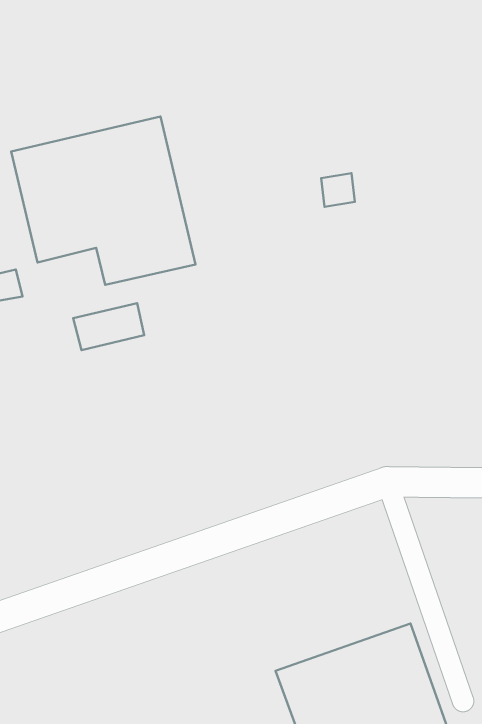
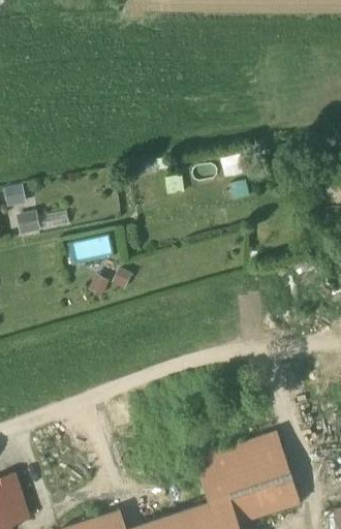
building: [11,116,195,285] -> none

